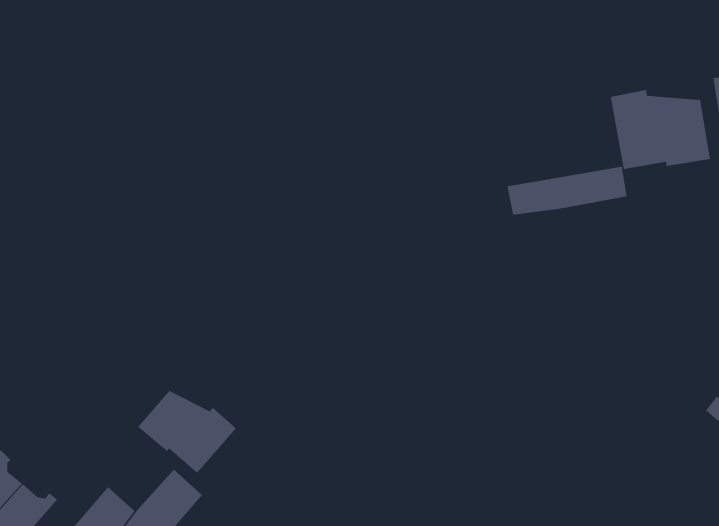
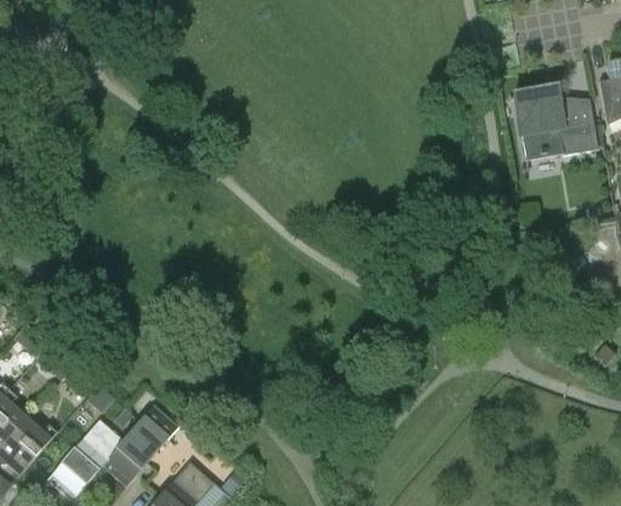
building: [507,166,627,215] -> none
building: [137,390,237,474] -> none

